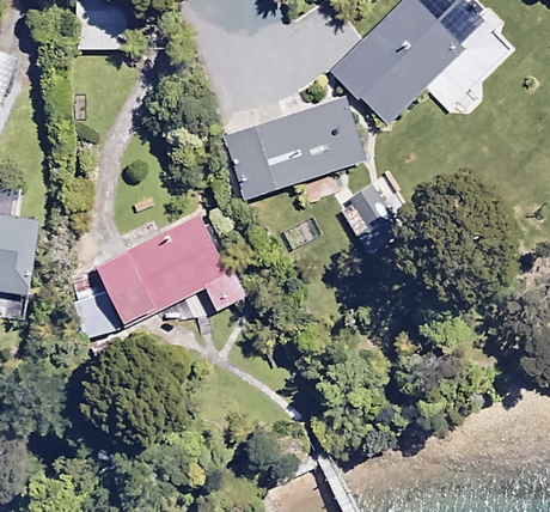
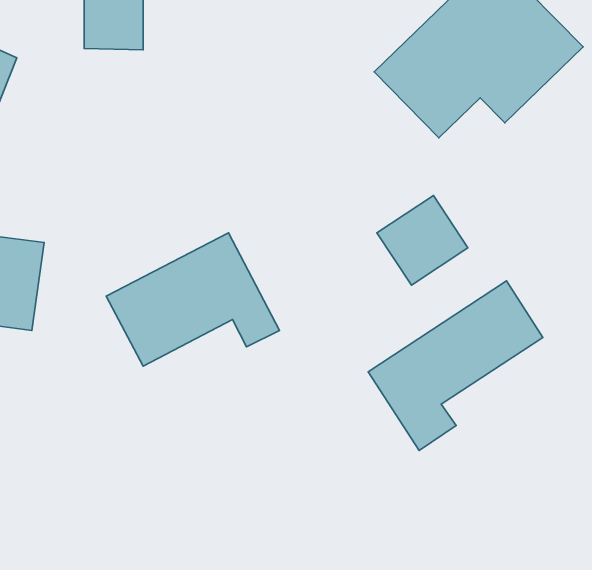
building: [222,96,365,201] -> none
building: none -> [368,281,543,450]

